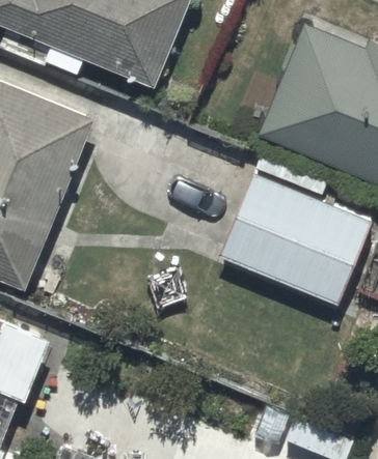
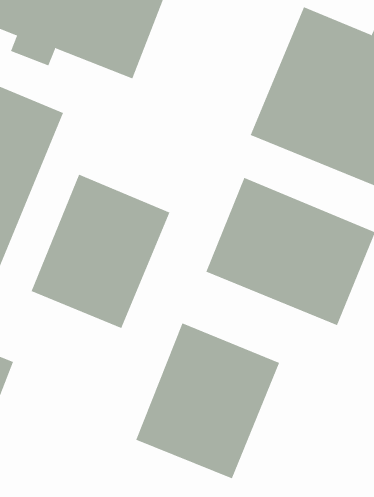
building: none -> [31,174,170,329]
building: none -> [135,323,280,479]

